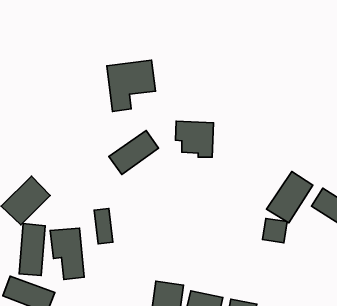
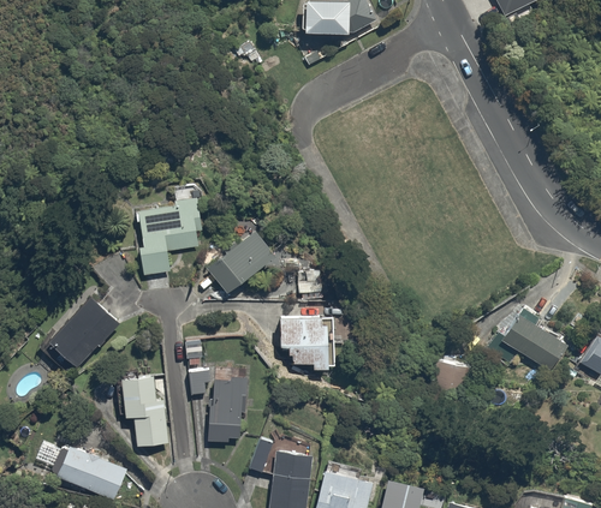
building: [107,60,156,111] -> [133,201,206,276]
building: [175,121,214,157] -> [279,318,335,371]
building: [267,172,313,223] -> none
building: [19,223,45,276] -> [208,367,246,444]
building: none -> [246,437,276,477]

